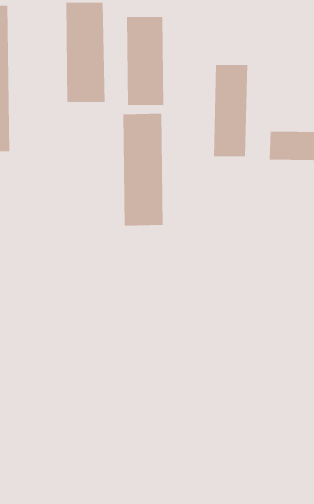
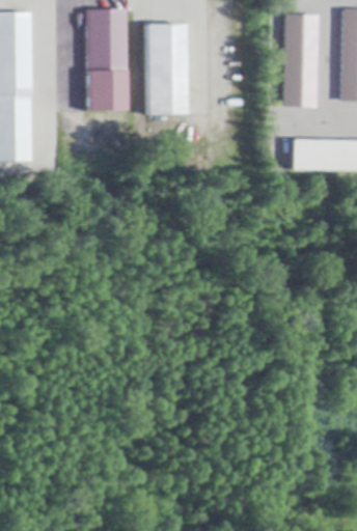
building: [213,65,248,157] -> [282,12,318,106]
building: [123,113,163,227] -> none

